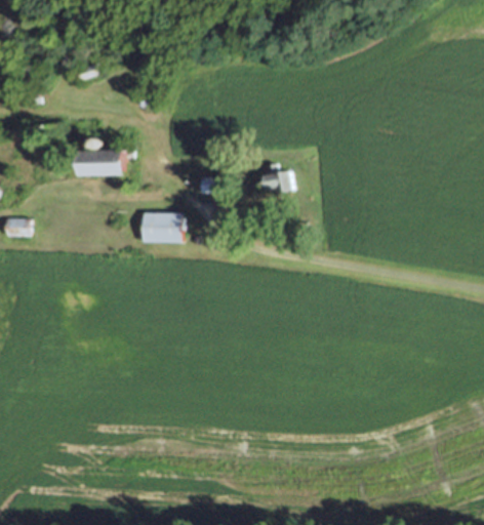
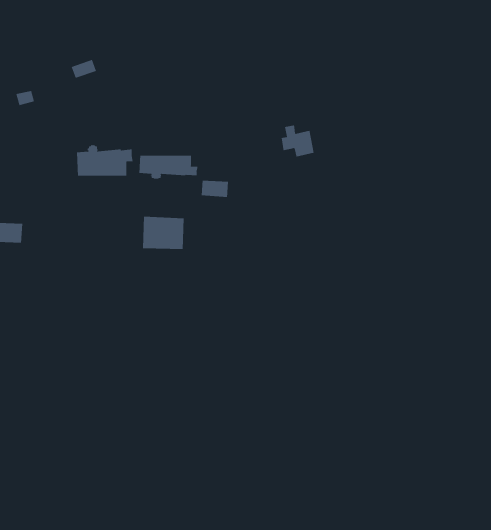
building: none -> [139,155,198,180]
building: [260,165,292,196] -> [281,125,314,157]

